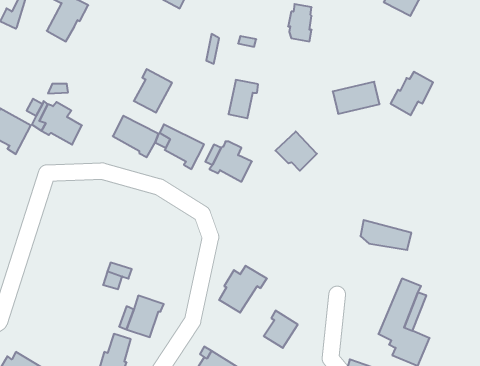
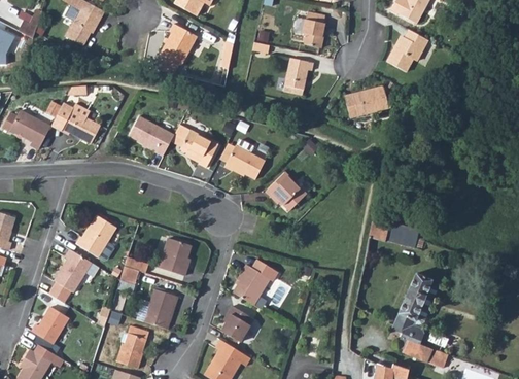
building: [134,69,172,113] -> [160,20,197,62]
building: [391,72,433,115] -> [388,26,429,68]
building: [228,80,258,118] -> [284,55,313,92]
building: [275,131,317,171] -> [267,173,307,211]
building: none -> [77,216,117,261]
building: none -> [162,239,194,277]
building: none -> [49,250,93,304]
building: [264,311,298,348] -> [221,307,254,343]
building: none -> [31,307,68,345]

